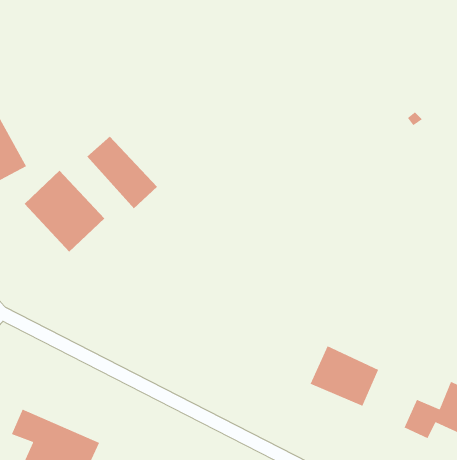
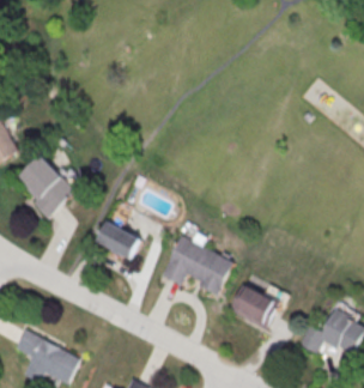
building: [86,136,158,209] -> none
building: none -> [98,220,142,259]
building: none -> [163,235,236,295]

